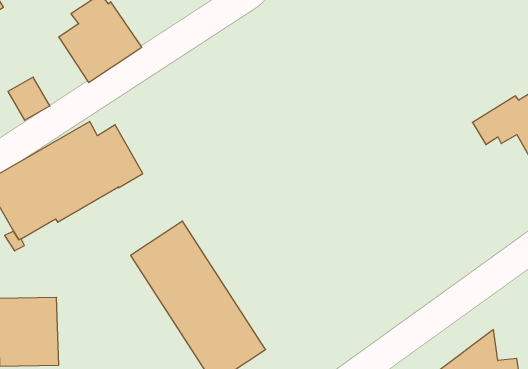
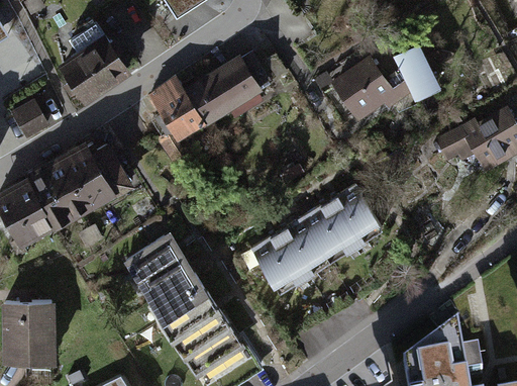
building: none -> [329,44,442,123]
building: none -> [145,52,270,144]
building: none -> [250,183,386,295]

